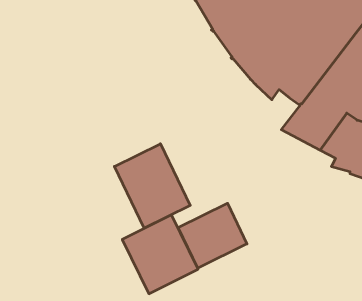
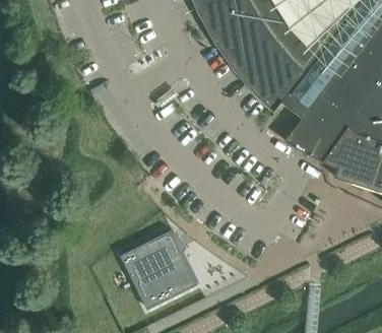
building: [114,144,190,228] -> none
building: [178,203,247,268] -> none

